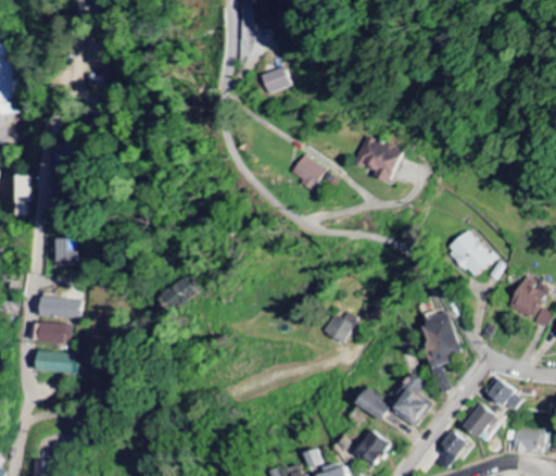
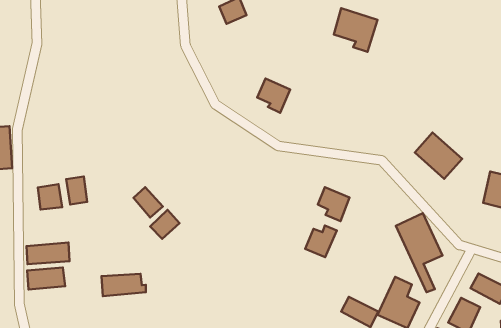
building: [355,134,402,181] -> [334,8,378,52]
building: none -> [66,177,87,204]
building: none -> [134,187,163,217]
building: none -> [318,187,350,221]
building: [33,350,78,372] -> [101,274,146,296]

